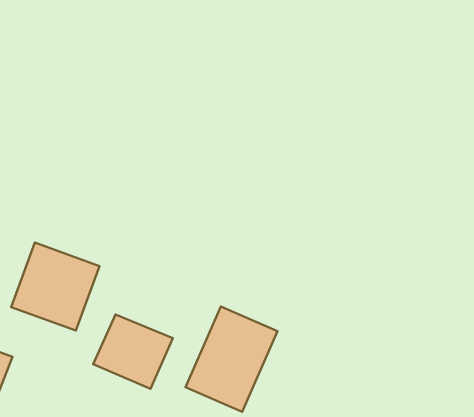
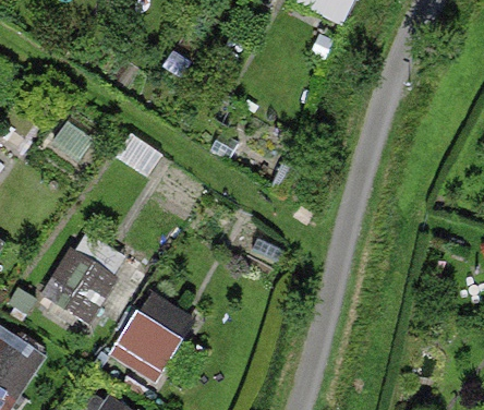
building: [186,307,277,412] -> none

